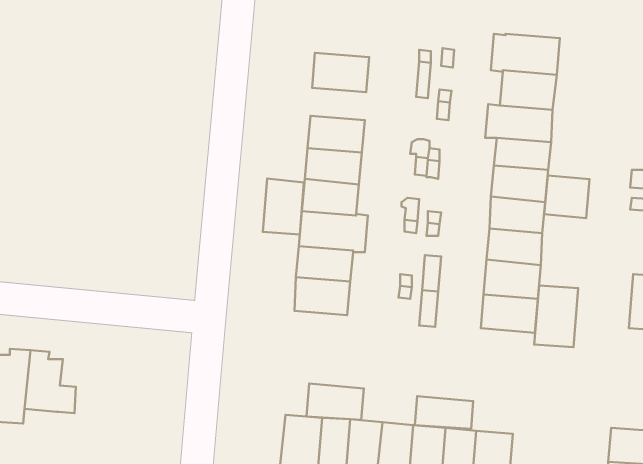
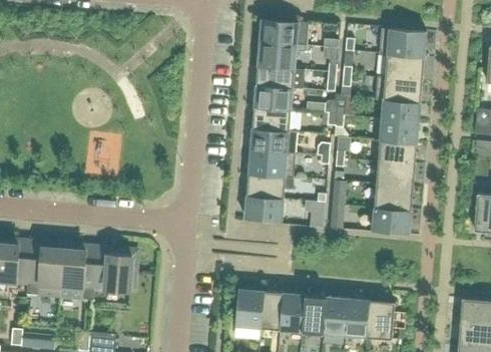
building: none -> [260,19,309,46]
building: none -> [257,66,295,88]
building: [544,175,590,218] -> none
building: [263,178,304,235] -> none
building: [534,285,578,347] -> none
building: none -> [95,250,135,292]
building: [306,384,364,420] -> none
building: [415,396,473,429] -> none

